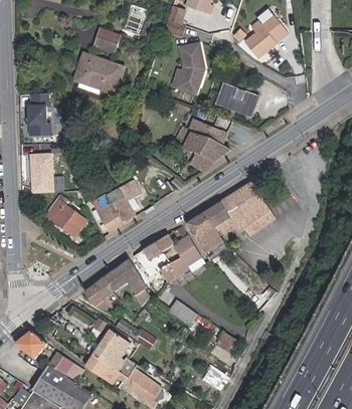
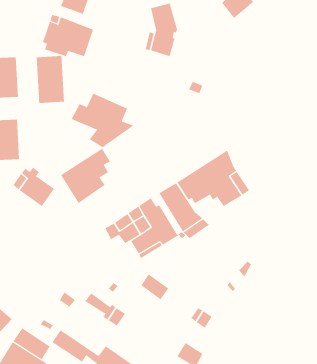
building: [217,83,259,117] -> none
building: none -> [36,55,64,104]
building: [173,119,233,171] -> [71,93,134,148]
building: [84,260,148,311] -> none
building: [93,328,138,377] -> none

